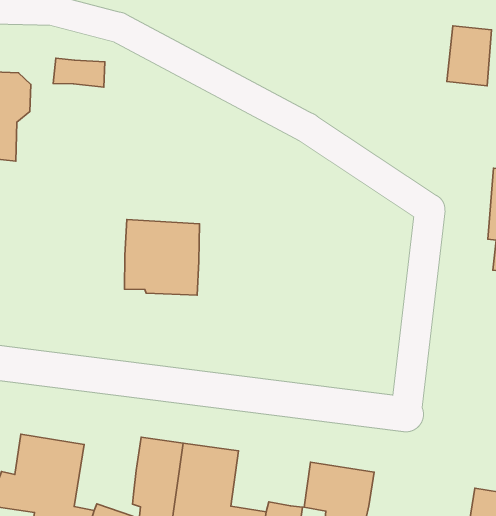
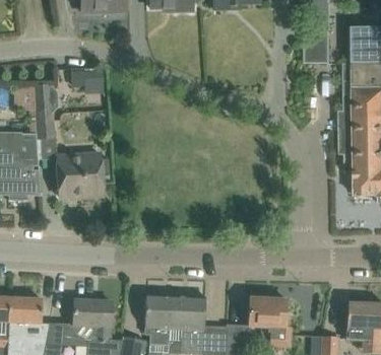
building: [124,220,200,295] -> [56,153,103,198]

